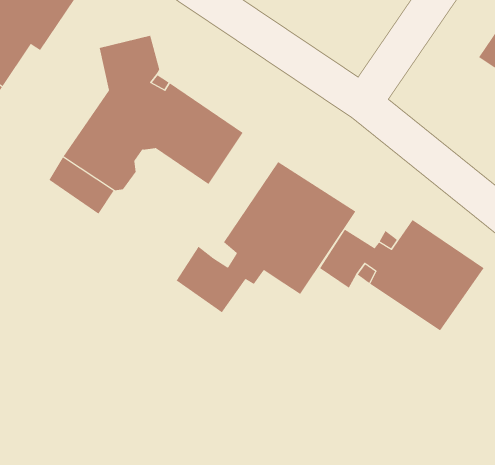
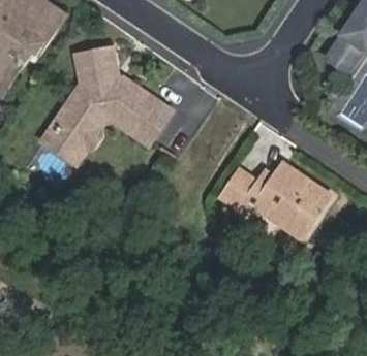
building: [176,161,356,313] -> none

